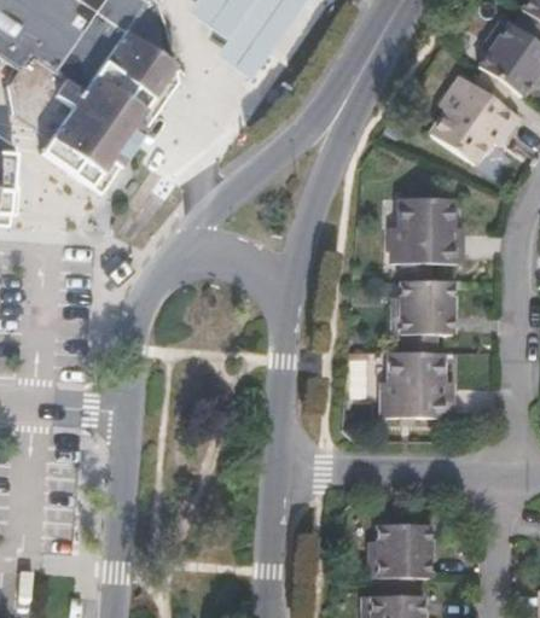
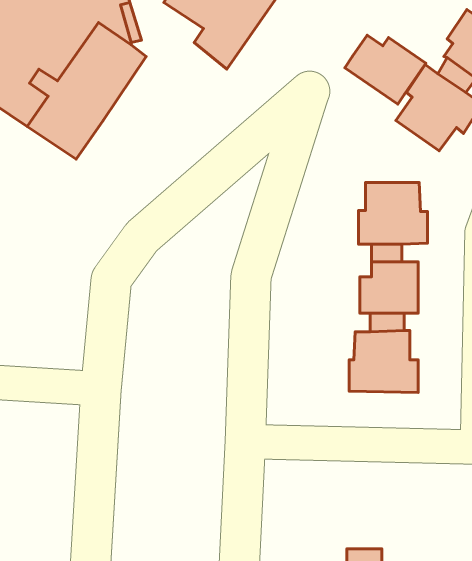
building: none -> [345,35,426,104]
building: [368,525,429,577] -> none

